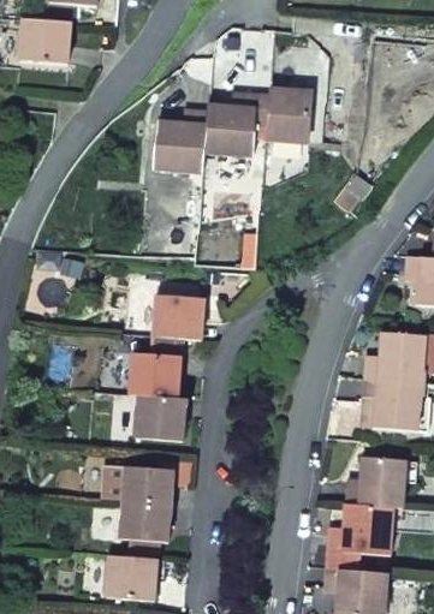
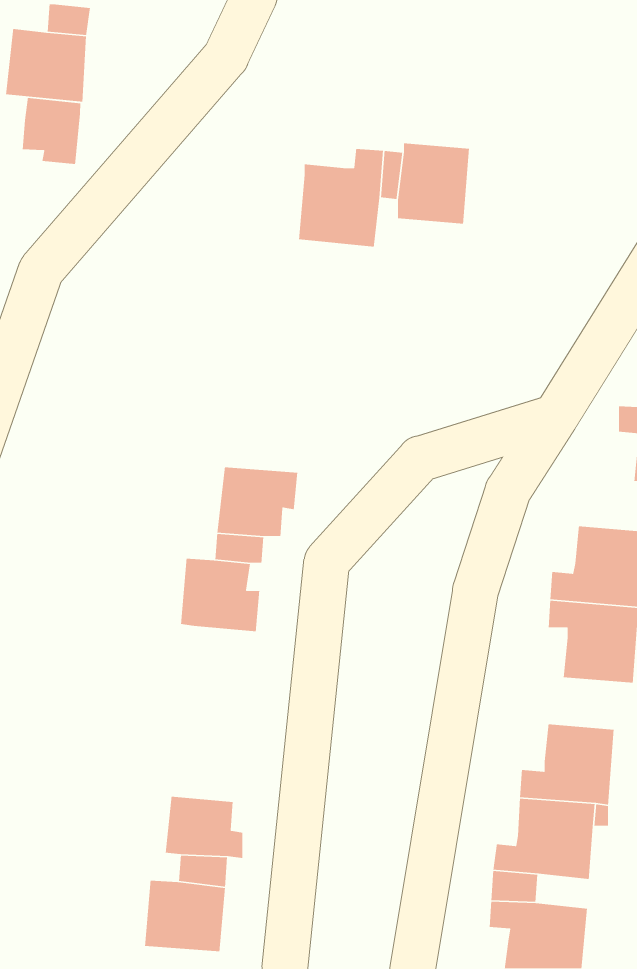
building: none -> [22,97,81,165]
building: [155,109,208,172] -> none
building: [136,395,185,441] -> none
building: [103,464,174,506] -> none

